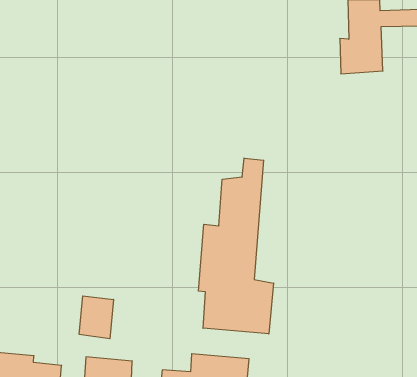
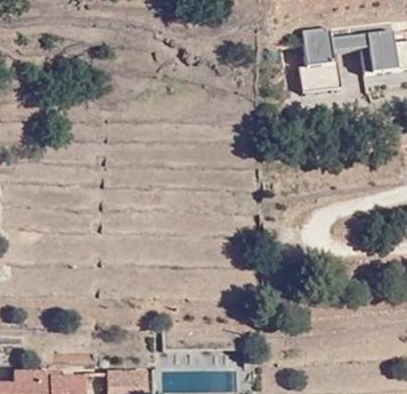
building: [199,158,274,334] -> none
building: [79,296,114,339] -> none

